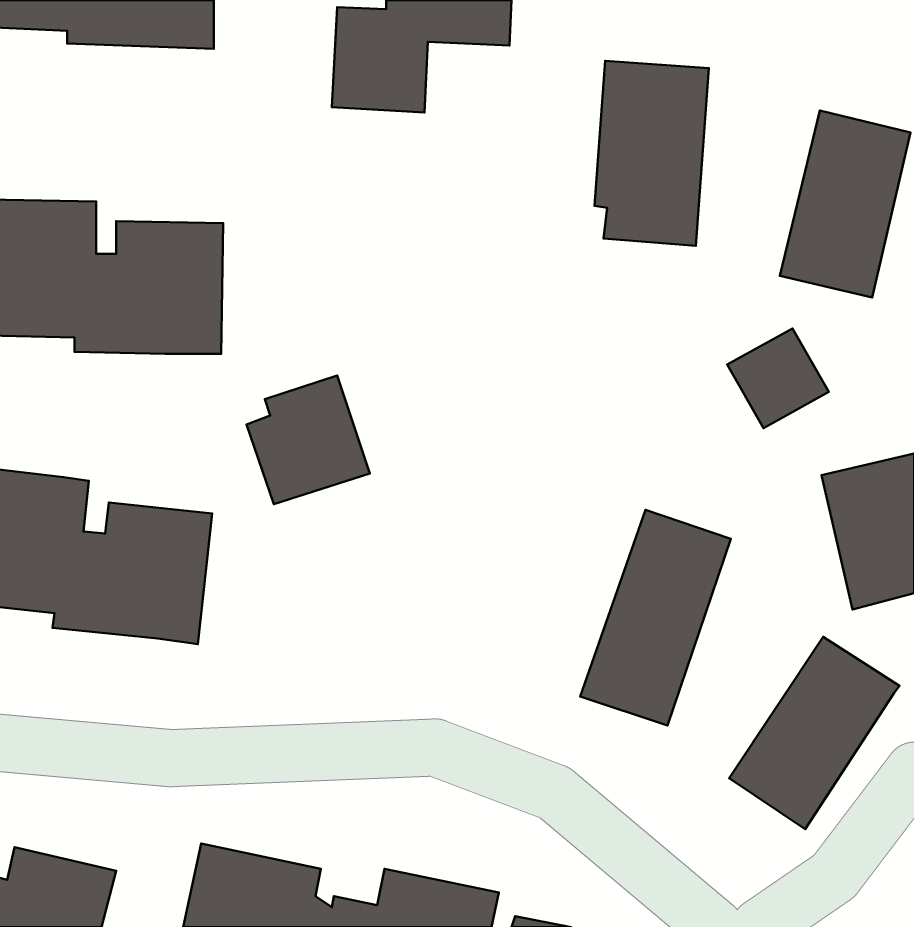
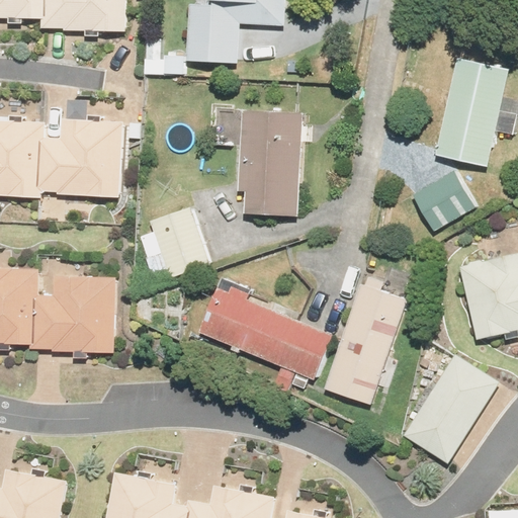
building: [594,61,709,246] -> [239,111,303,214]
building: none -> [199,287,332,379]

